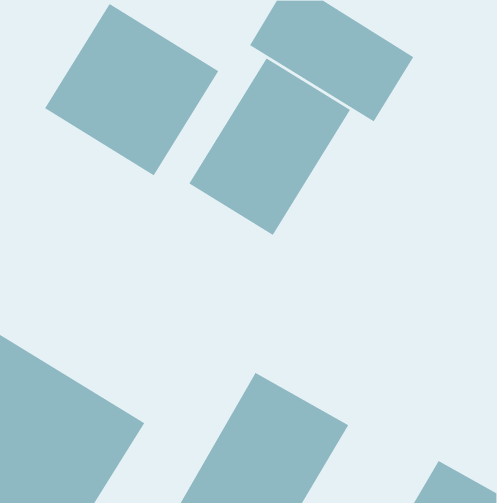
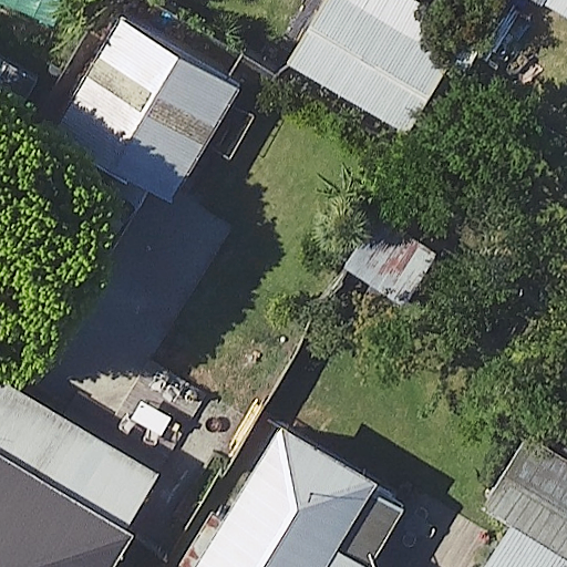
building: [188,58,351,236] -> none

